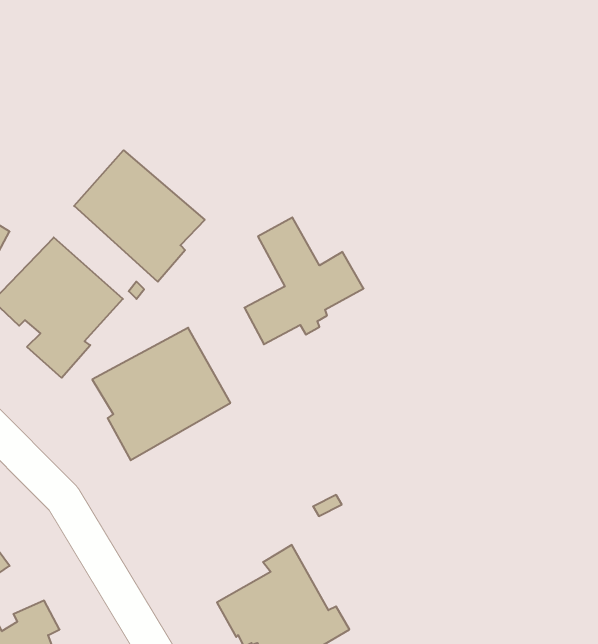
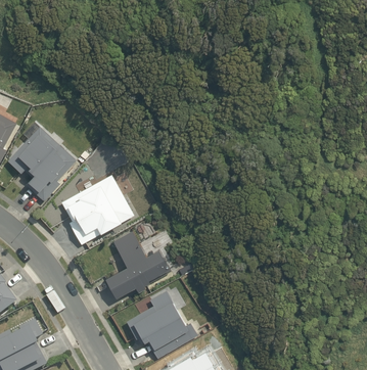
building: [74,150,205,282] -> none
building: [244,217,364,344] -> [105,231,169,298]

